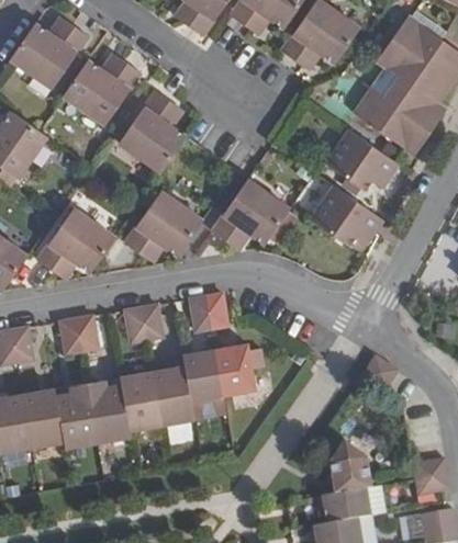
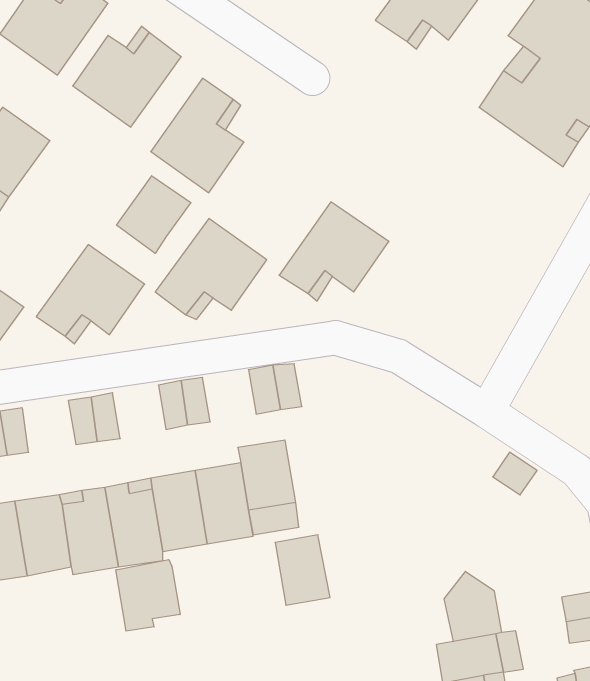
building: [326,128,401,189] -> none
building: none -> [117,176,191,253]
building: [311,183,383,246] -> none
building: [216,344,256,395] -> [275,535,330,605]
building: none -> [116,560,180,631]

